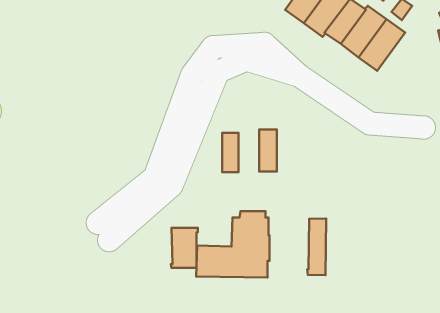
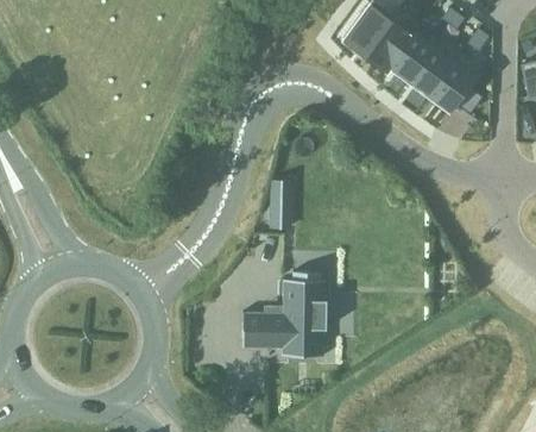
building: [259,129,277,172] -> none
building: [307,218,326,275] -> none
building: [171,228,198,268] -> none

